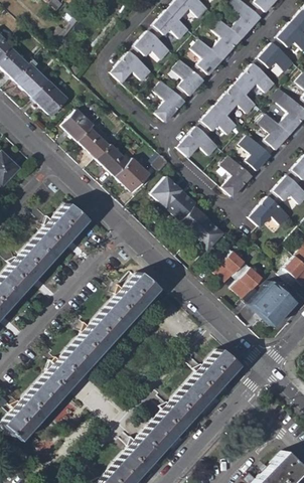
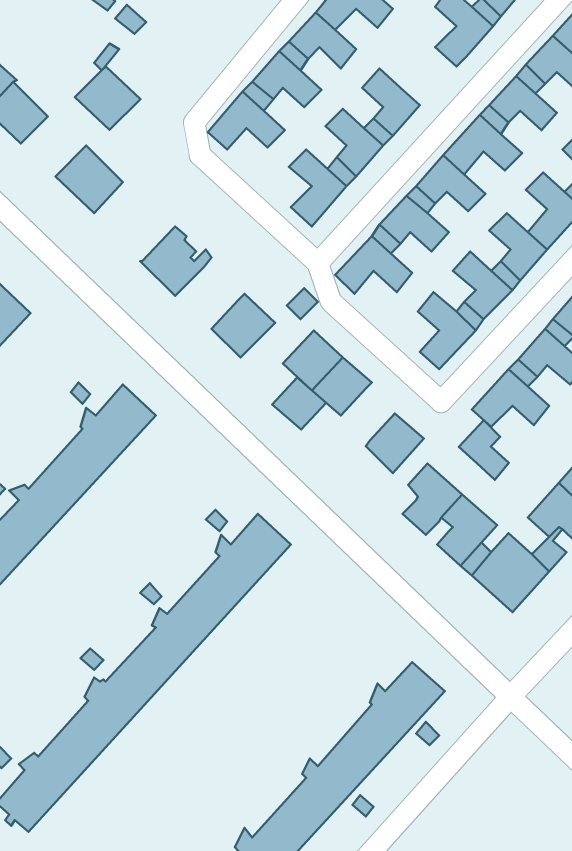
building: [210,19,241,59] -> none
building: [13,63,47,97] -> [75,66,140,130]
building: [60,109,93,141] -> none
building: [94,144,127,176] -> none
building: [180,207,208,234] -> [272,378,326,430]
building: none -> [459,420,509,480]

